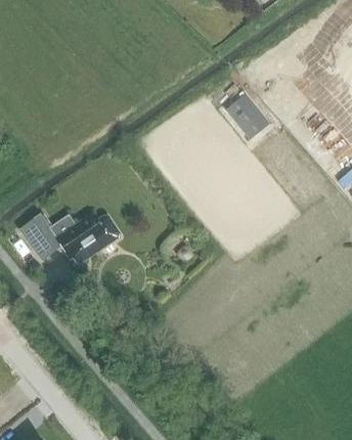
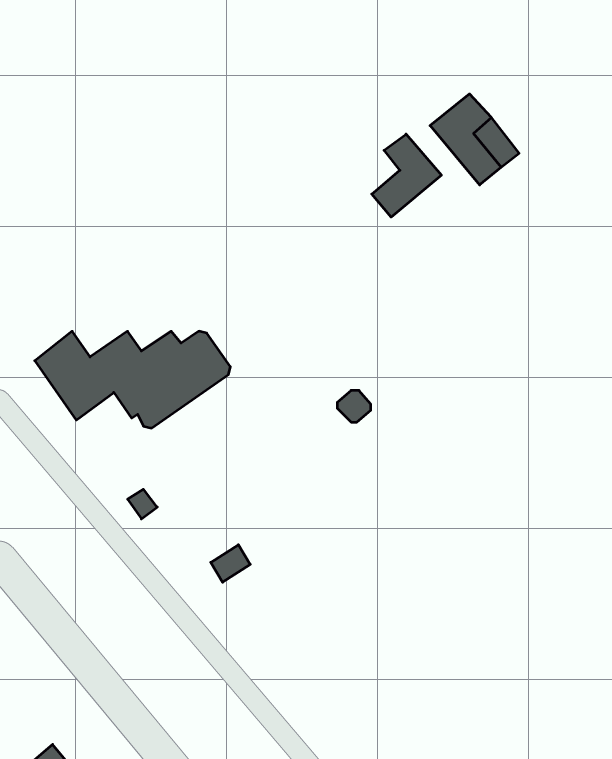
building: none -> [372,134,441,217]

